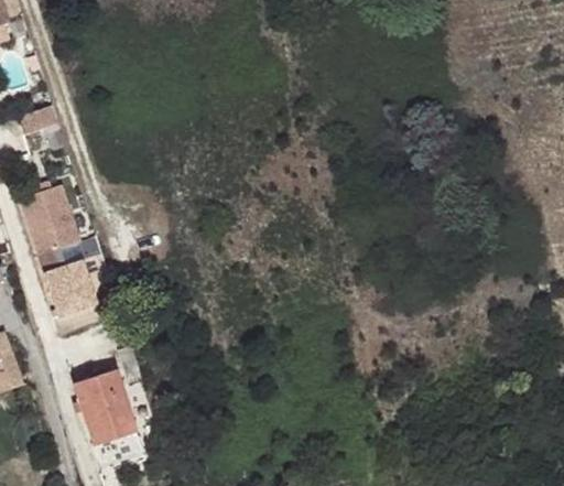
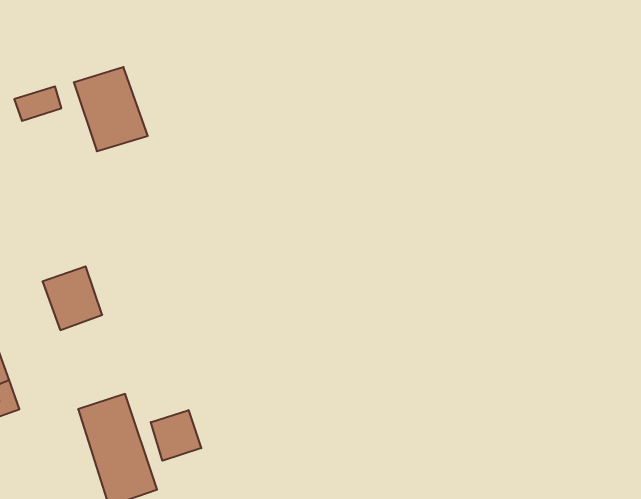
building: [19,183,83,256] -> [74,67,148,151]
building: none -> [151,410,201,461]

